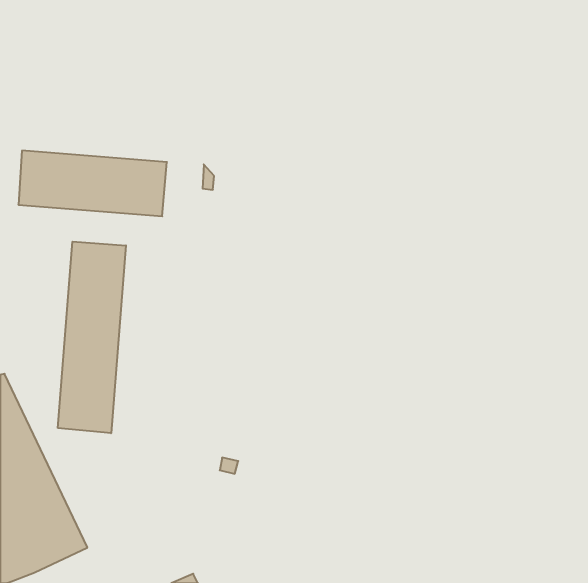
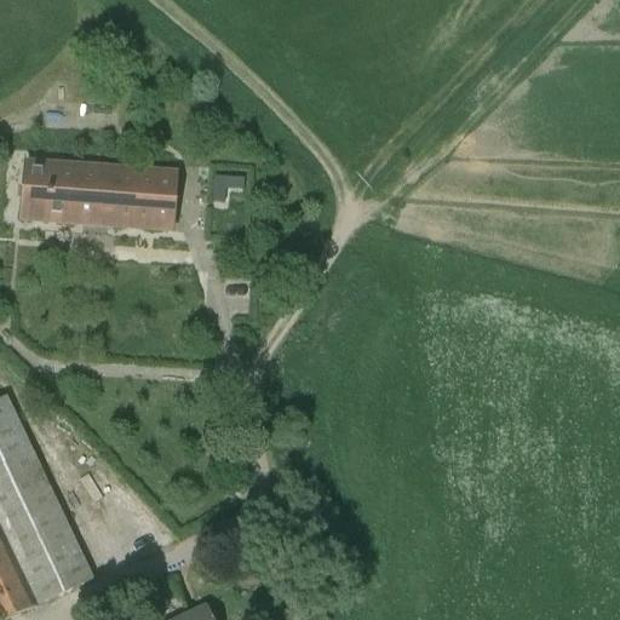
building: [58,242,126,433] -> none

